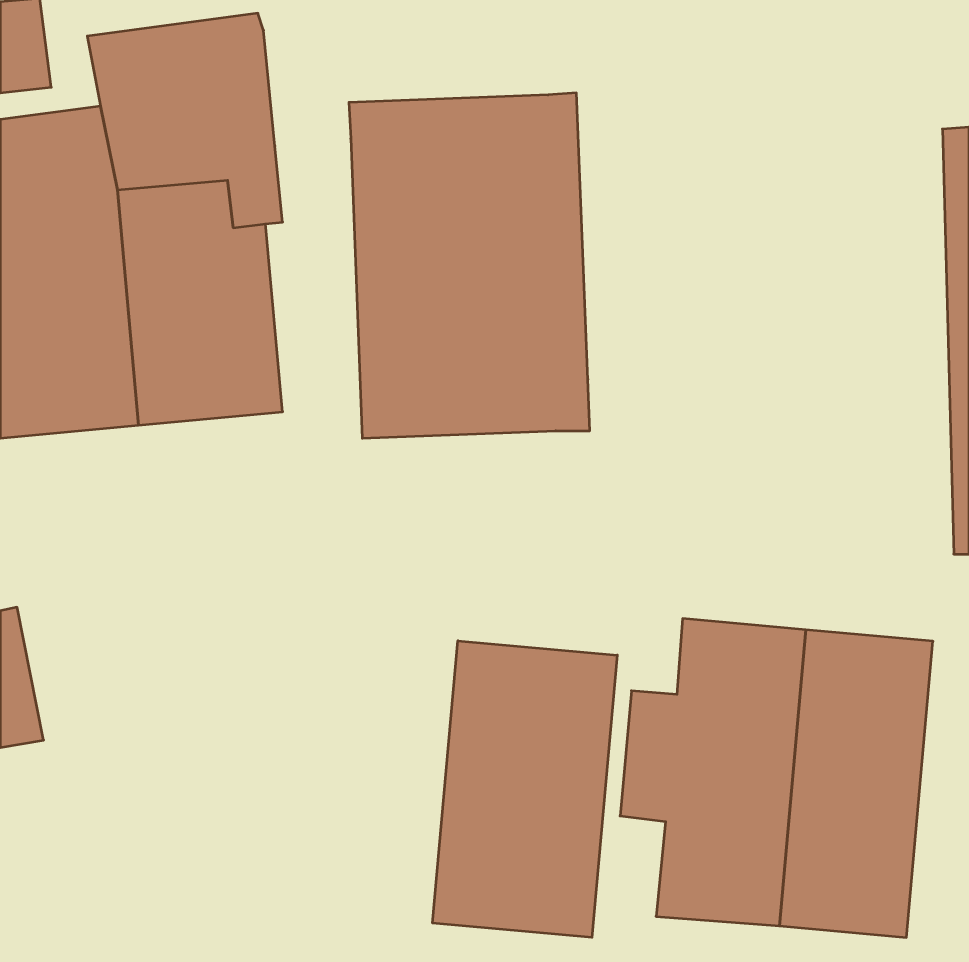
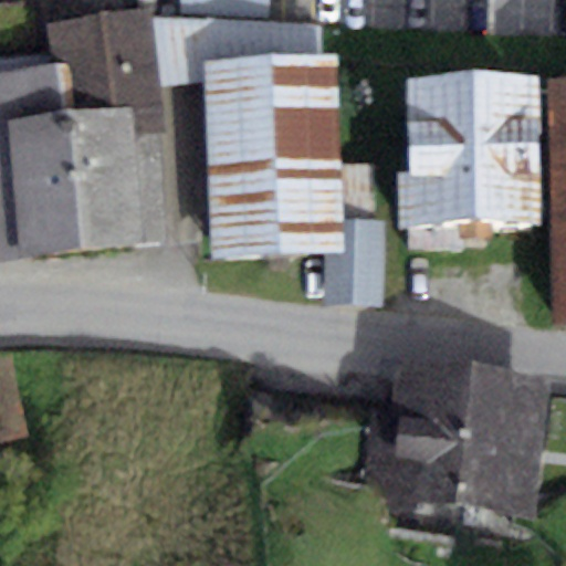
building: none -> [154,18,323,85]
building: none -> [407,75,539,226]
building: none -> [323,221,385,304]
building: [433,641,617,937] -> none

